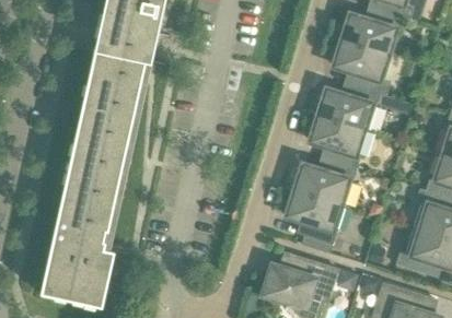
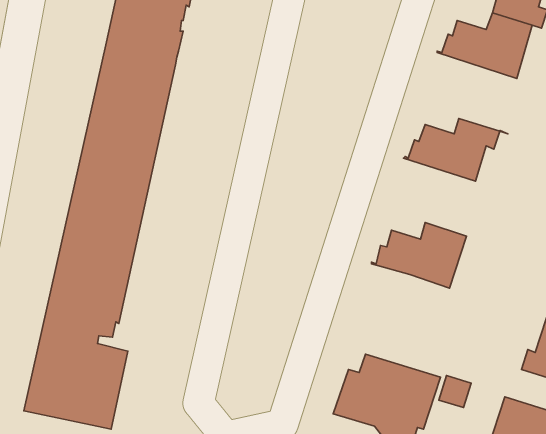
building: [334,38,393,96] -> none
building: [311,114,363,169] -> none
building: [287,189,345,245] -> none

